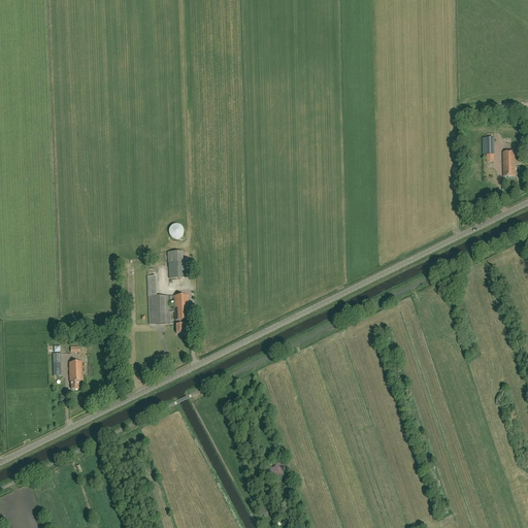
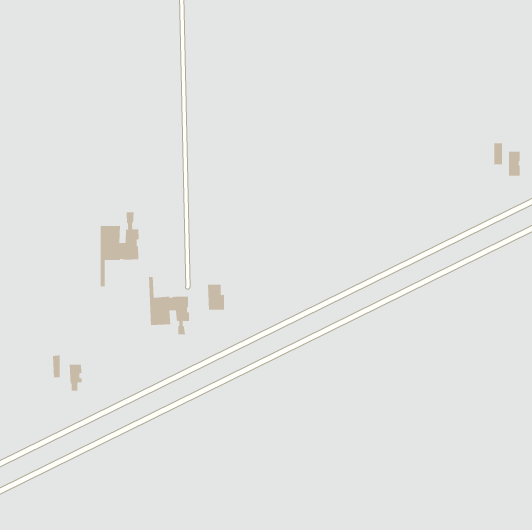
building: none -> [100,212,139,287]
building: [167,250,185,275] -> [207,284,225,310]

